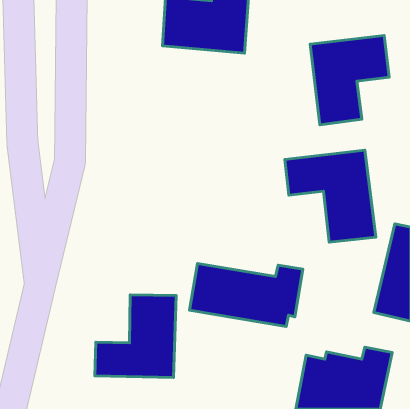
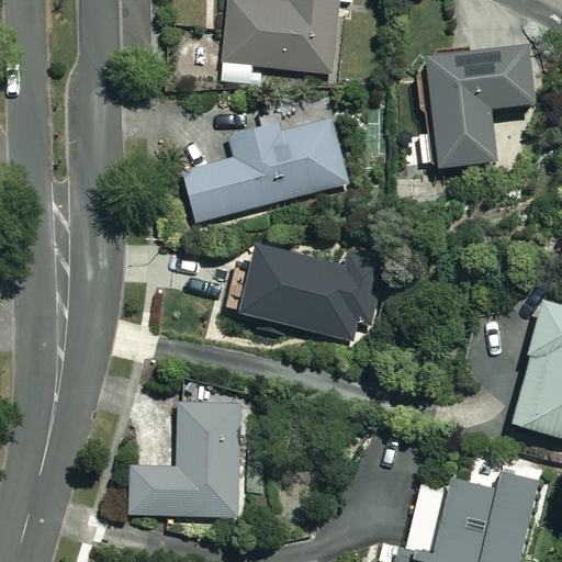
building: none -> [183,112,349,221]
building: [285,150,376,242] -> none
building: [190,264,303,326] -> [226,252,381,338]

